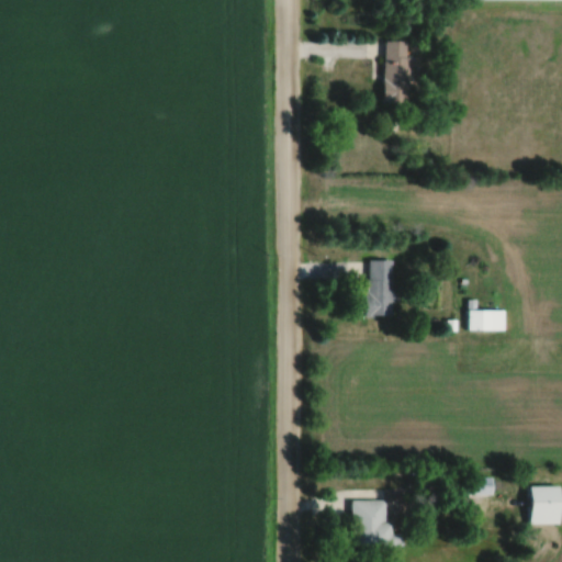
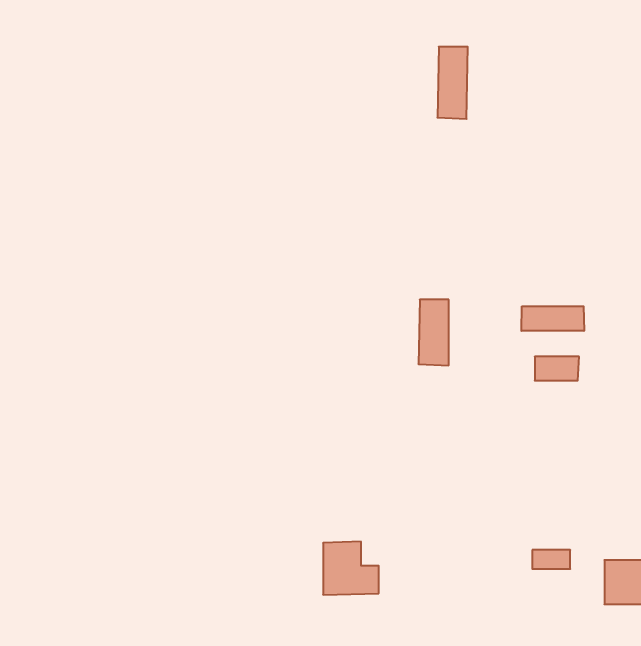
building: none -> [521,306,584,331]
building: [355,499,403,546] -> [323,542,379,595]

